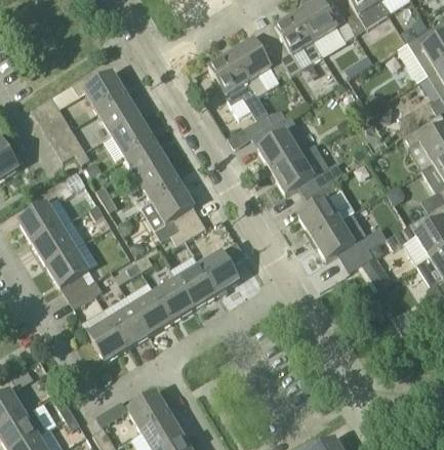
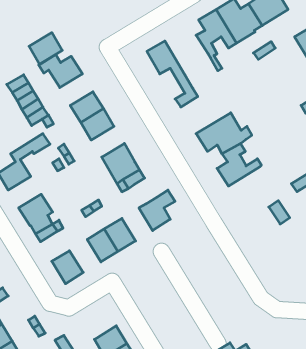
building: [232,39,287,95] -> none
building: [98,94,140,134] -> [29,33,62,64]
building: [252,113,316,170] -> none
building: [138,161,180,200] -> none
building: [313,212,387,262] -> none
building: [33,224,75,264] -> none
building: [177,264,216,306] -> none
building: [111,304,151,346] -> none
building: [128,392,170,432] -> none

